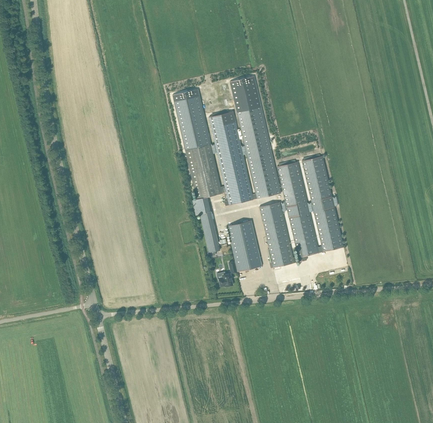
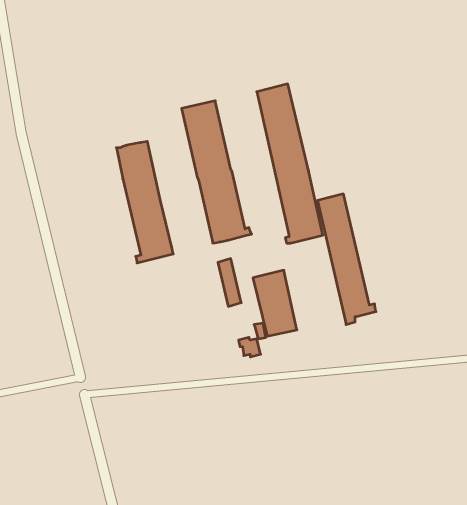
building: [209,111,253,205] -> [116,141,173,263]
building: [301,155,343,251] -> none
building: [260,201,295,267] -> none

